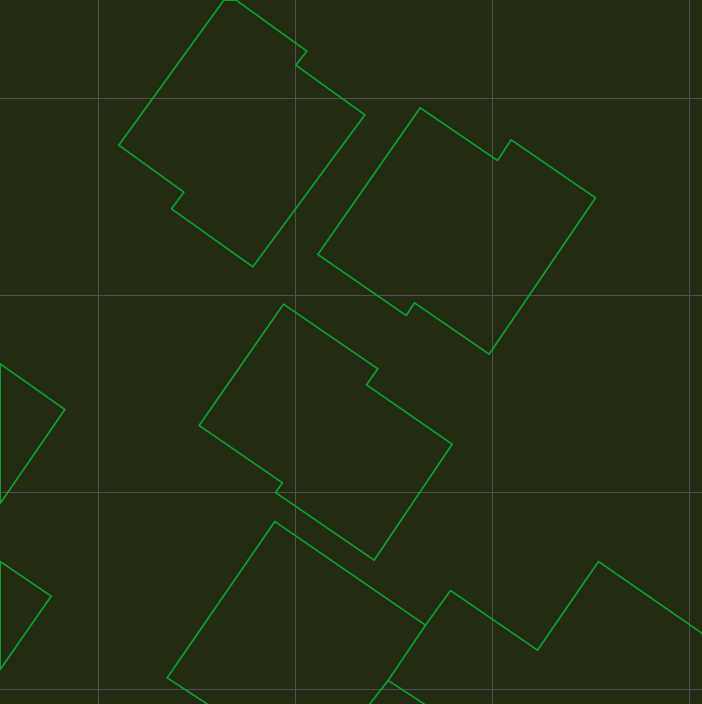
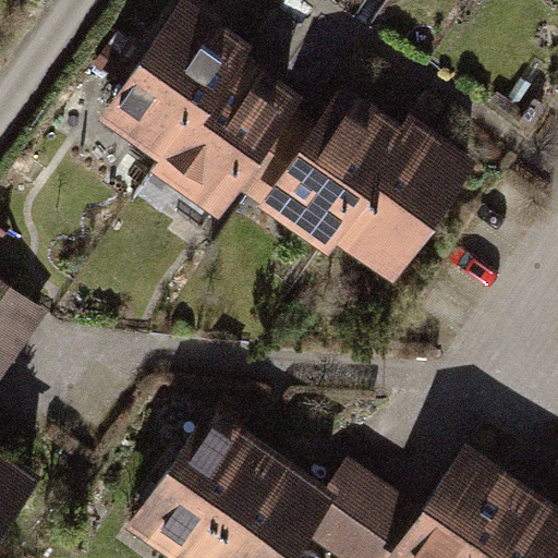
building: [199,304,452,560] -> none

